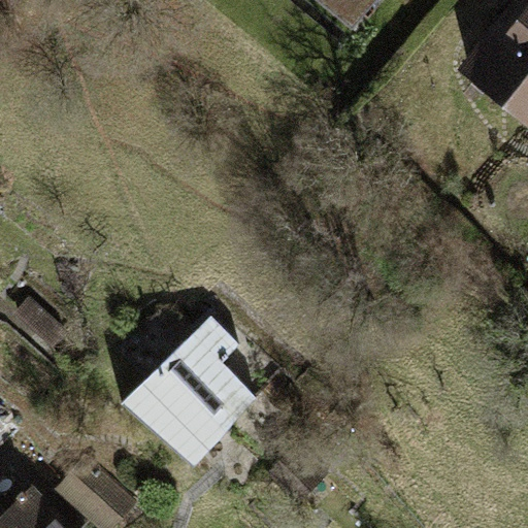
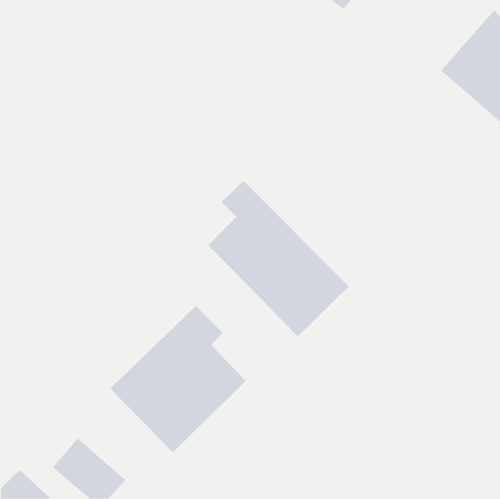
building: none -> [207,180,350,337]

